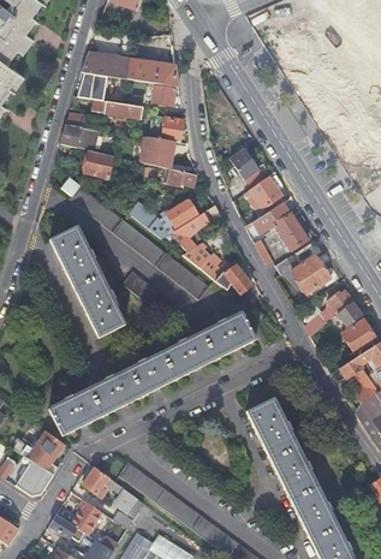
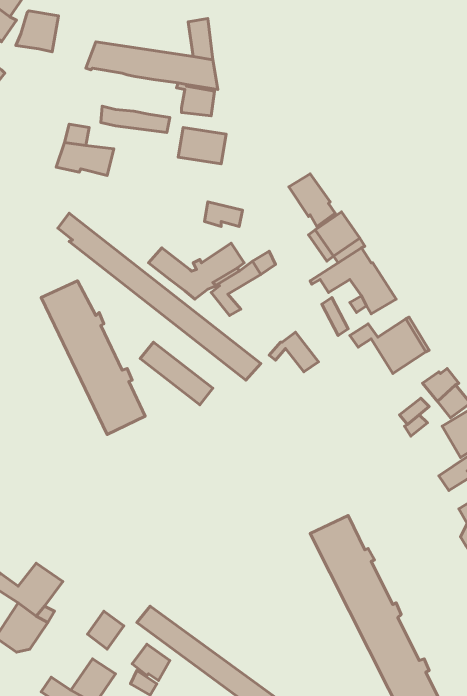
building: [77,72,108,102] -> [16,11,59,52]
building: [139,138,175,170] -> none
building: [84,151,113,178] -> none
building: [181,243,224,283] -> none
building: [49,313,256,438] -> none

